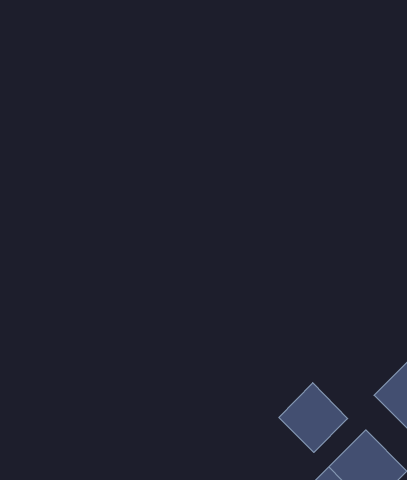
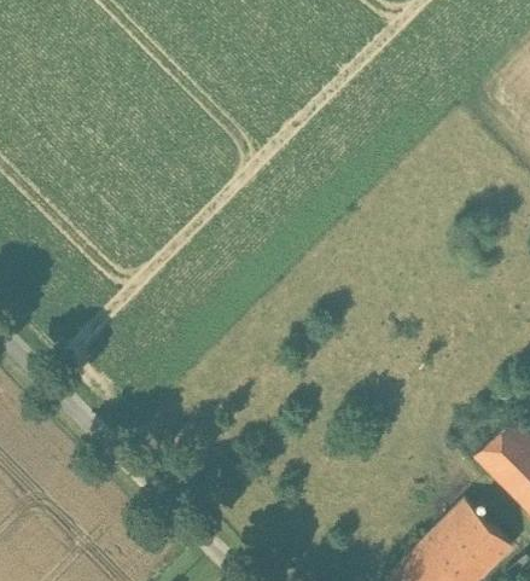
building: [279,383,348,452] -> none

